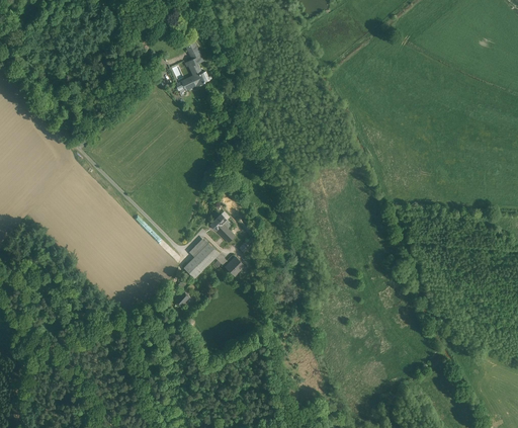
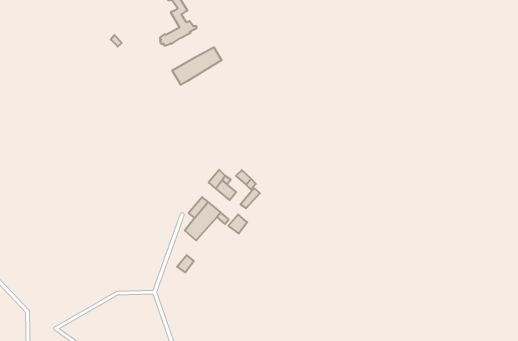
building: none -> [172,47,222,85]

